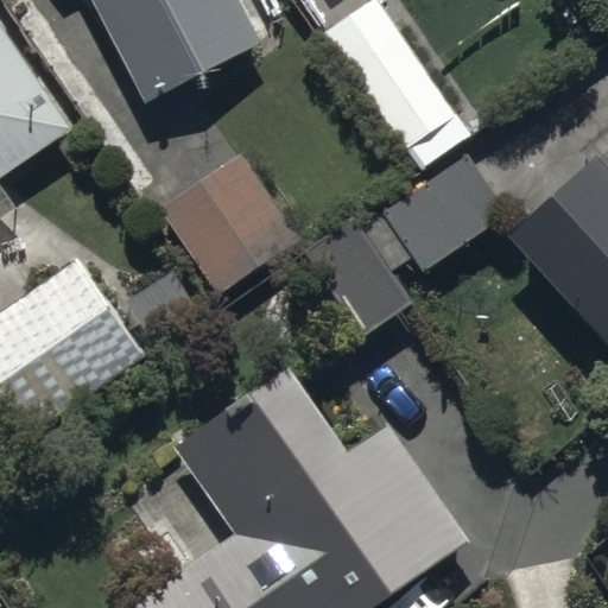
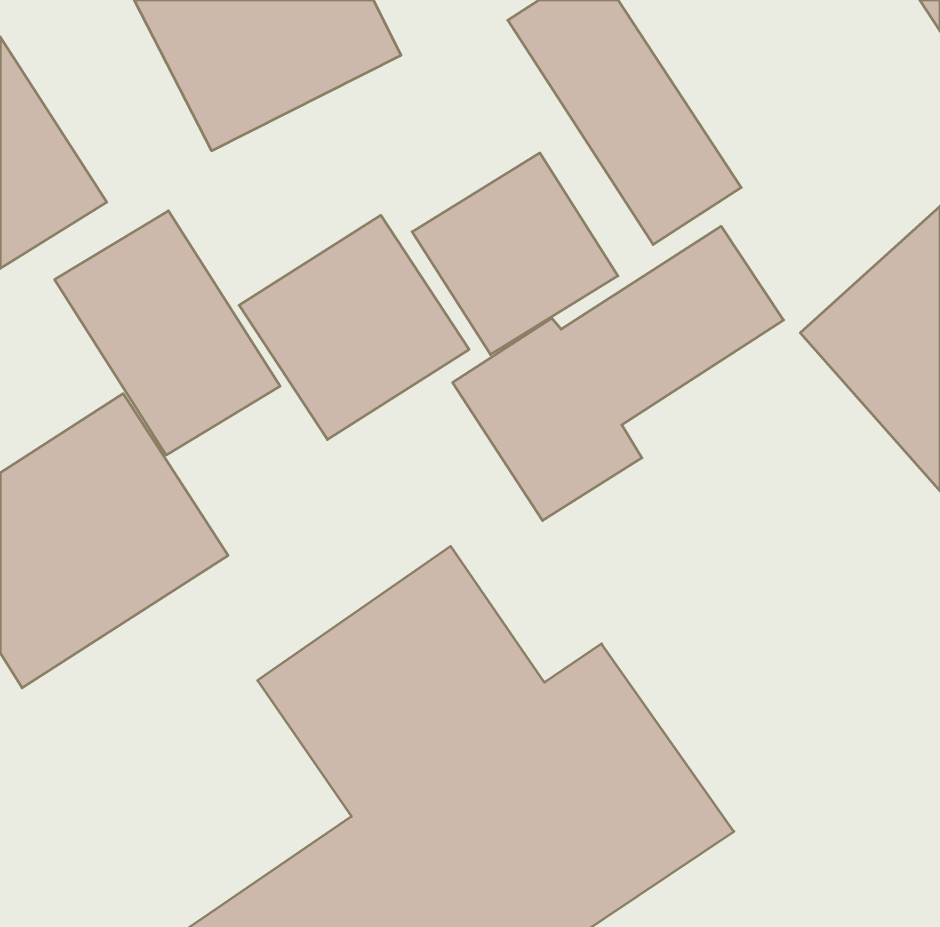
building: none -> [412,153,618,355]
building: none -> [55,211,280,455]

